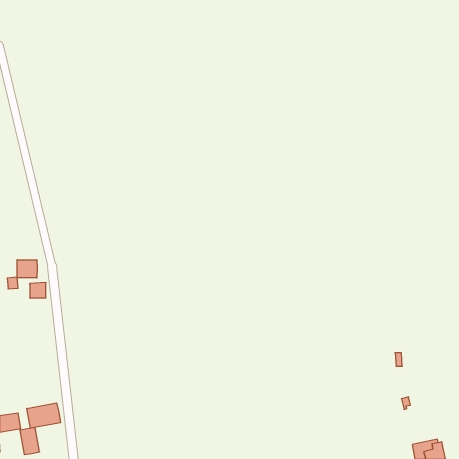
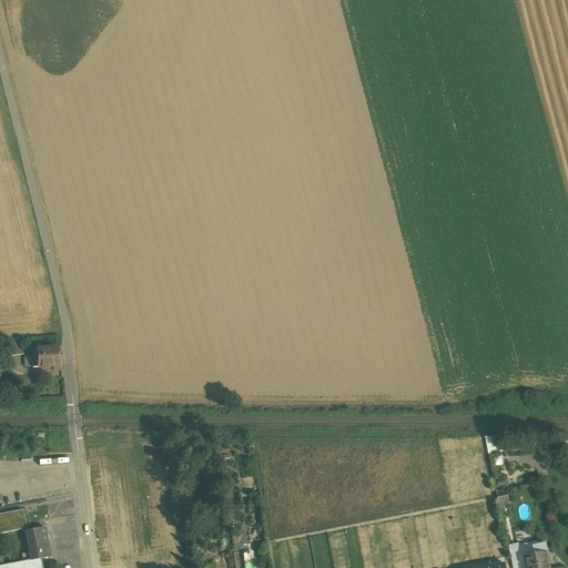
building: [17,260,37,278] -> none
building: [27,403,60,428] -> none

